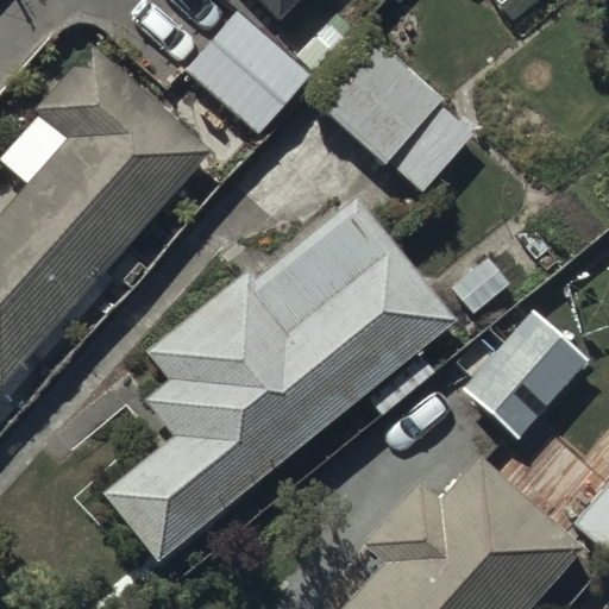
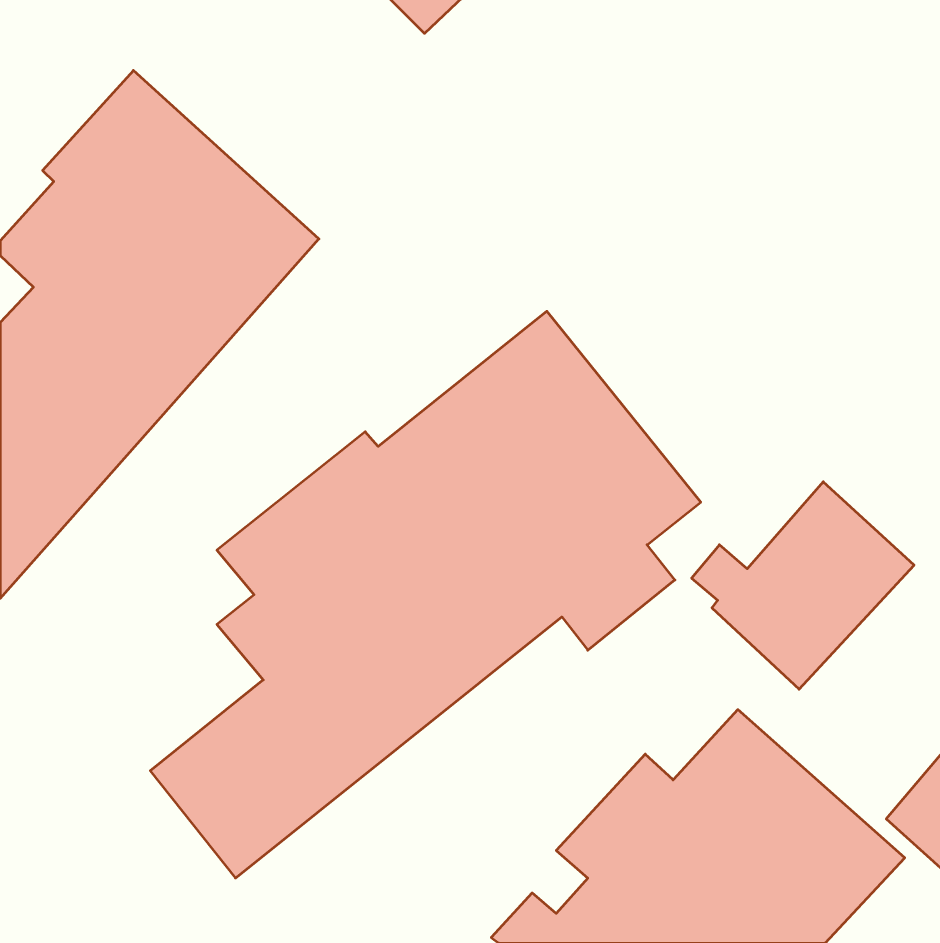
building: [184,11,312,136] -> none
building: [309,33,479,193] -> none

